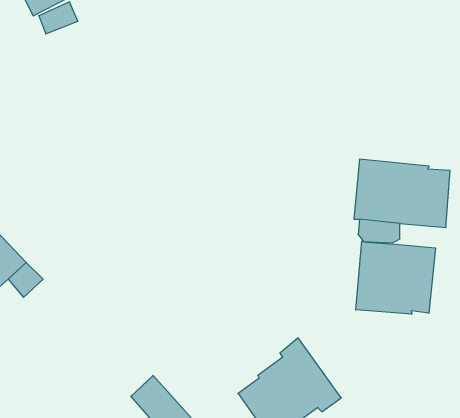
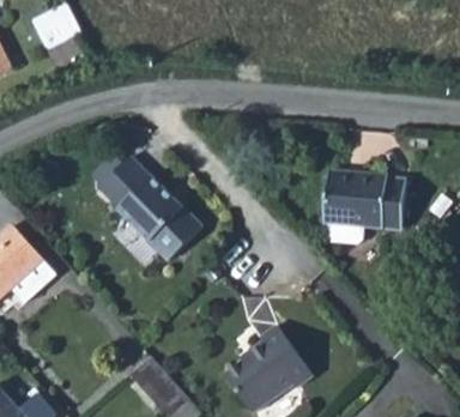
building: none -> [98,156,202,260]
building: [356,241,436,314] -> none

